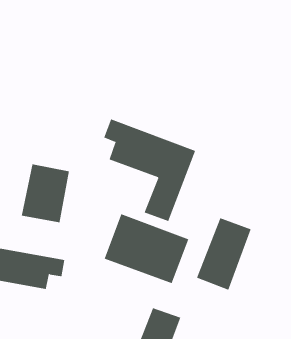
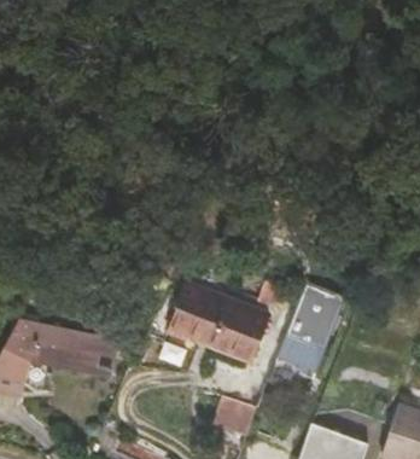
building: [103,118,196,222] -> none
building: [21,164,69,223] -> none

